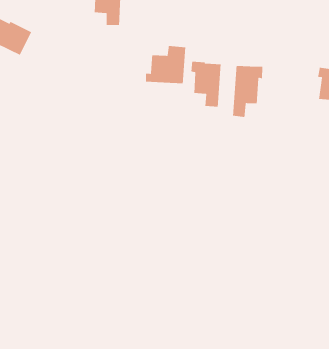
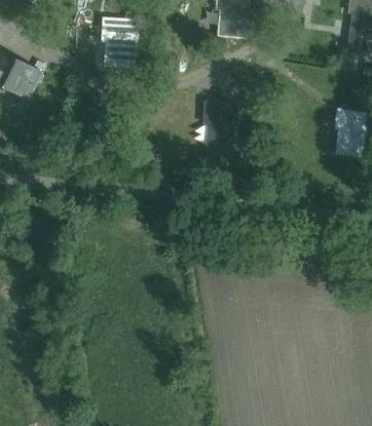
building: [145,45,186,84] -> none
building: [232,65,263,118] -> none

